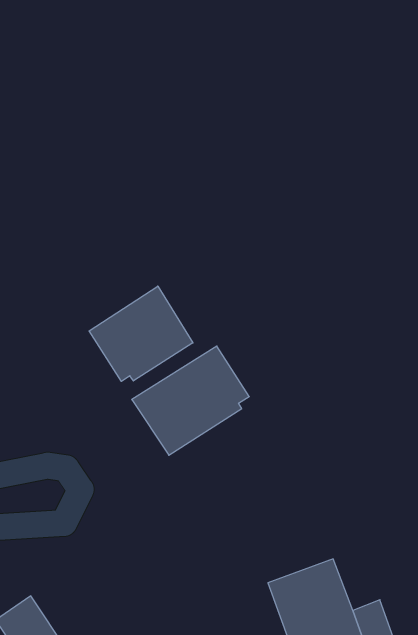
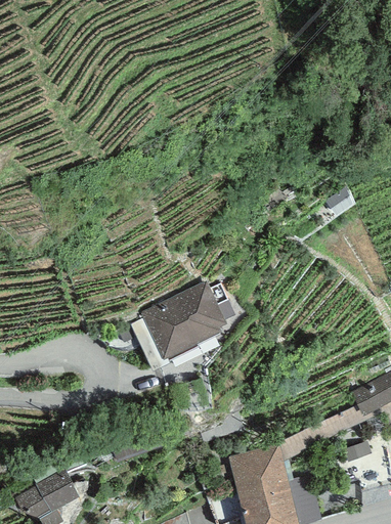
building: [89,286,193,381] -> none

